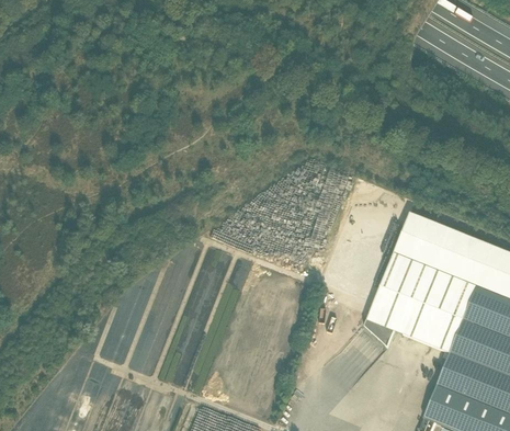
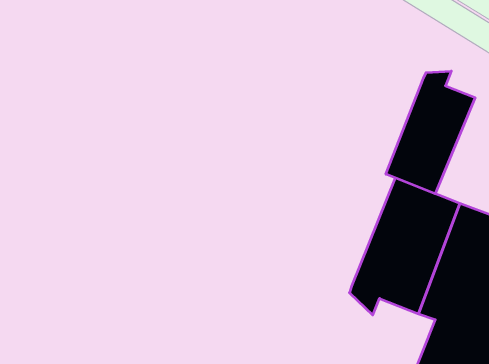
building: none -> [386,71,475,194]

